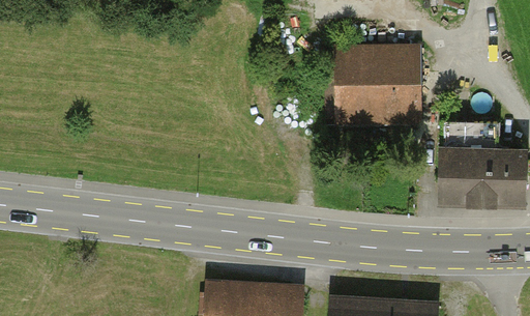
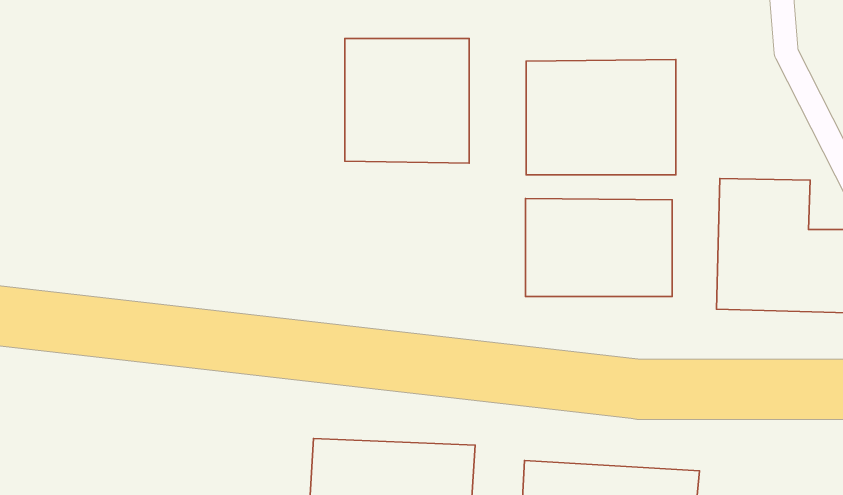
building: none -> [345,38,469,163]
building: none -> [525,198,672,296]

